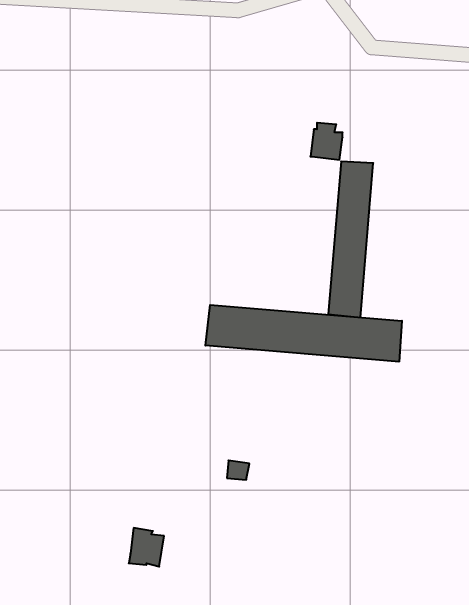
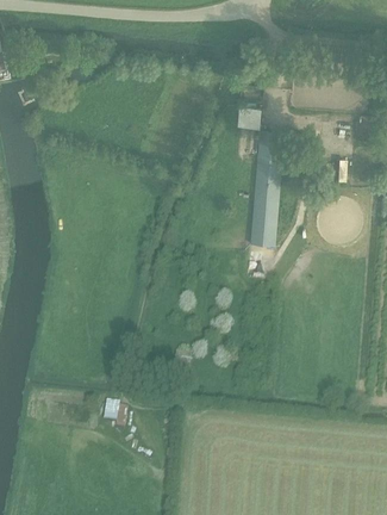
building: [205,305,402,362] -> none

